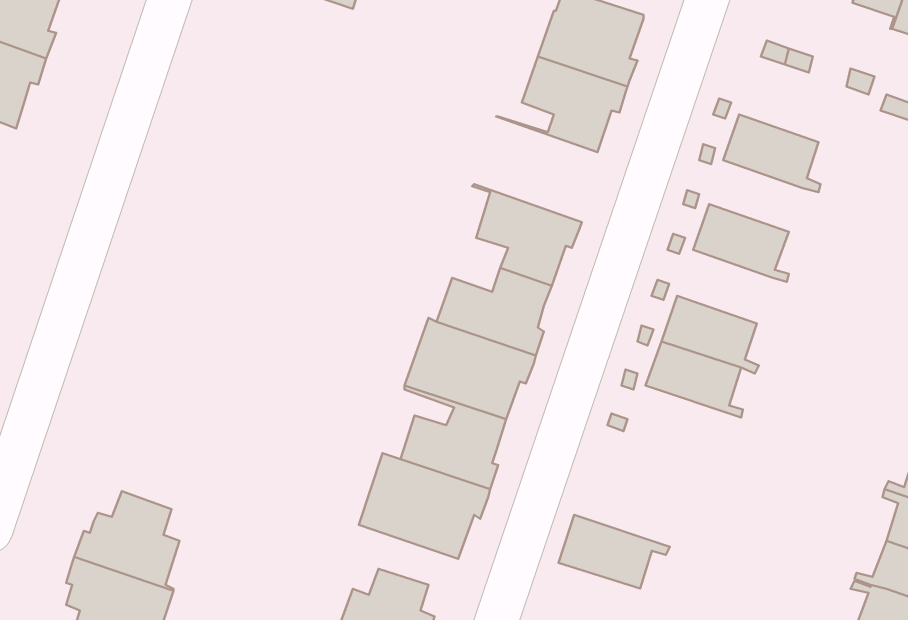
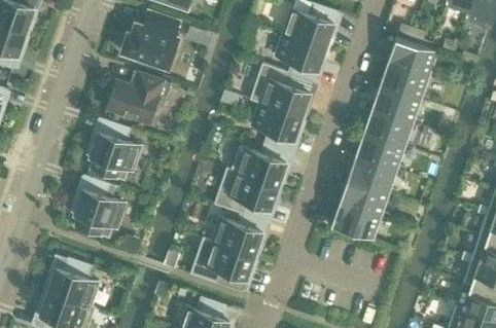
building: none -> [121,11,179,67]
building: none -> [387,37,437,78]
building: none -> [250,63,314,117]
building: none -> [106,72,171,123]
building: none -> [371,85,421,125]
building: none -> [85,117,141,180]
building: none -> [355,132,405,172]
building: none -> [70,174,126,238]
building: [558,515,670,589] -> [330,202,388,240]

